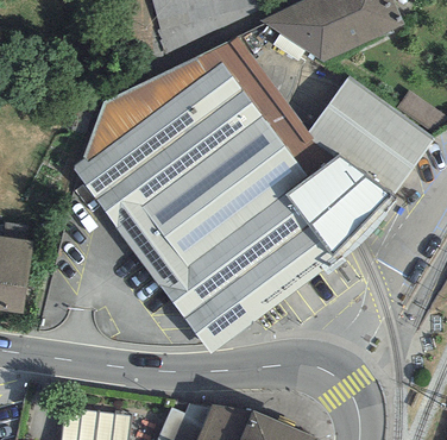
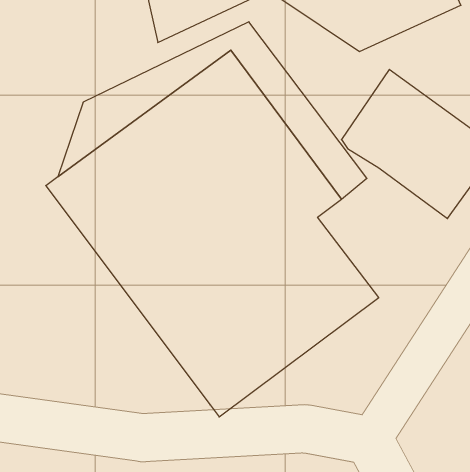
building: [289,155,396,258] -> none

